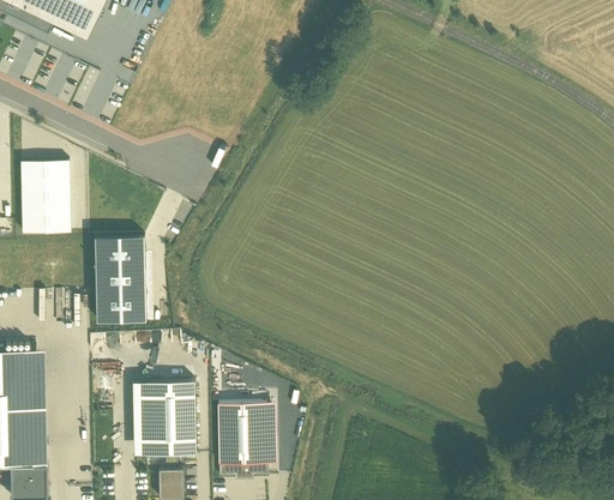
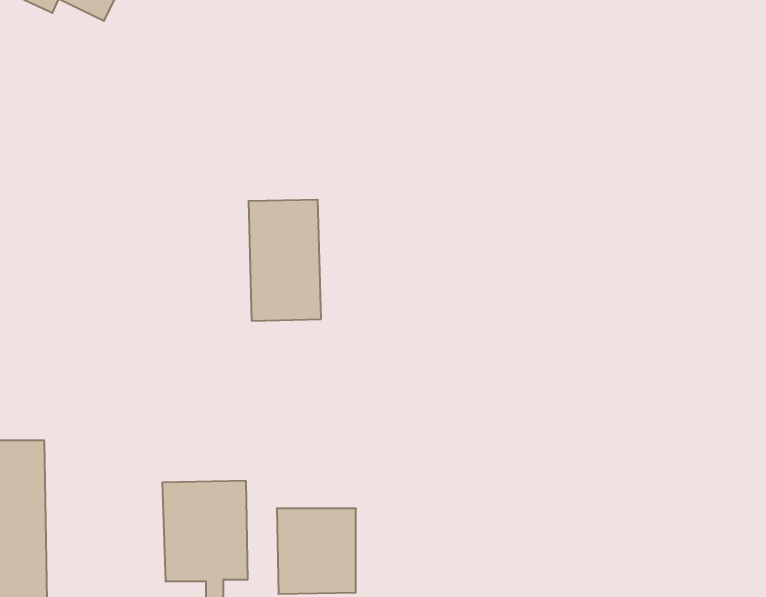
building: [20,161,71,235] -> none
building: [92,233,146,323] -> [248,200,321,321]

